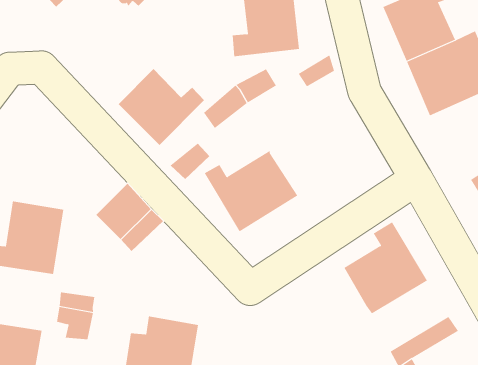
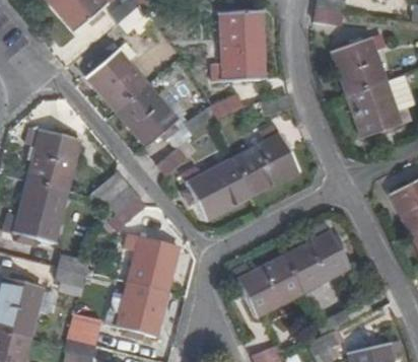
building: none -> [86,44,147,112]
building: none -> [234,123,300,195]
building: none -> [25,127,81,192]
building: none -> [120,234,179,291]
building: none -> [232,255,304,317]

